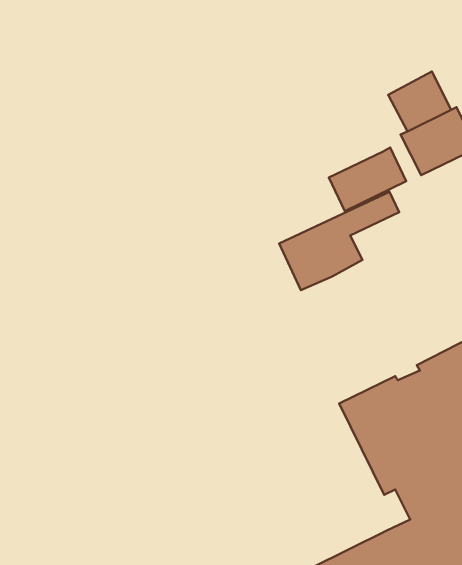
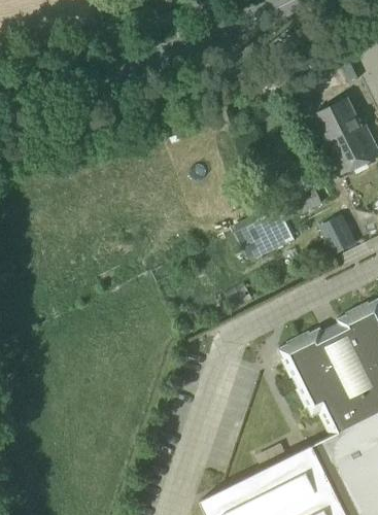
building: [329,148,406,211] -> none
building: none -> [321,215,359,255]

